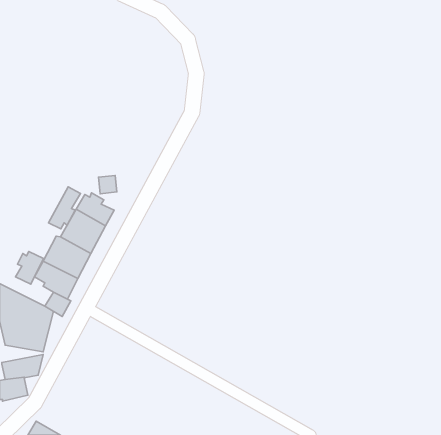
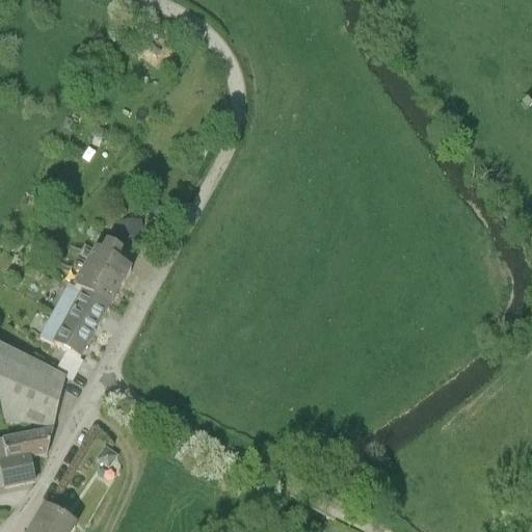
building: [49,187,81,229] -> none
building: [16,252,44,284] -> none

